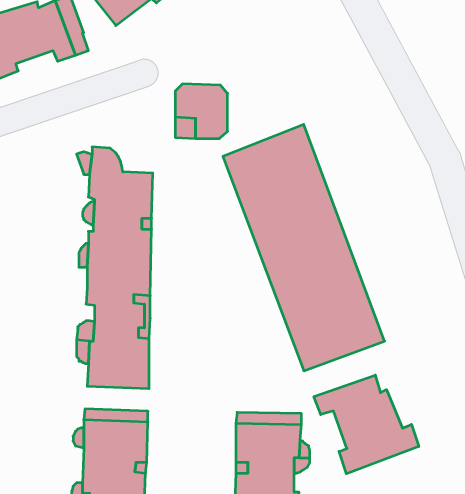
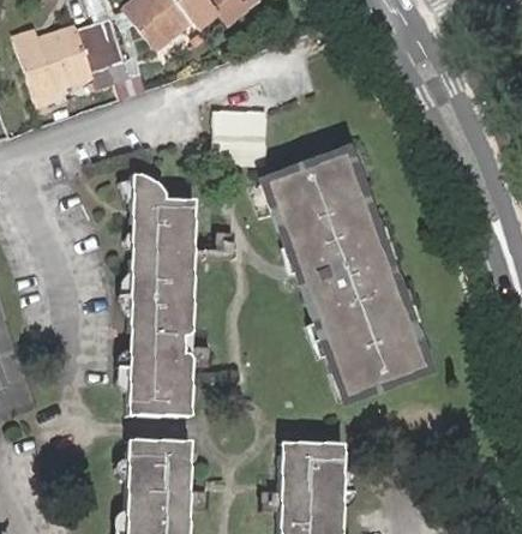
building: [314,375,419,474] -> none

